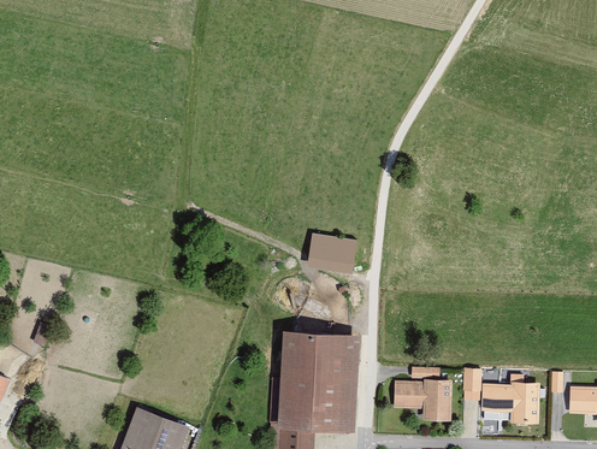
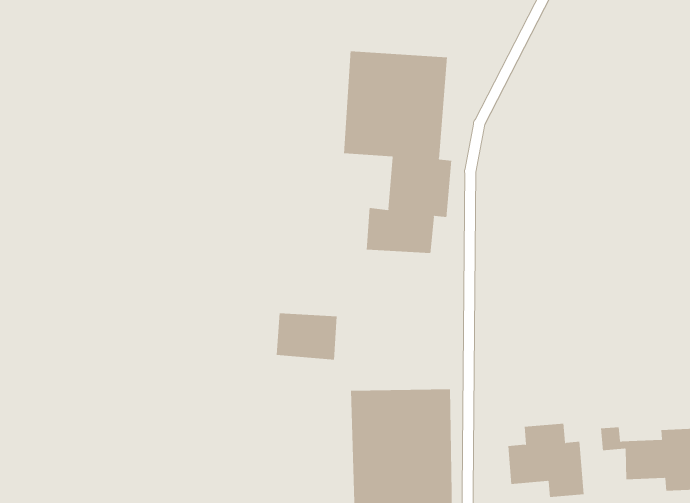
building: none -> [343,50,452,254]
building: [308,234,356,272] -> [276,313,338,360]

